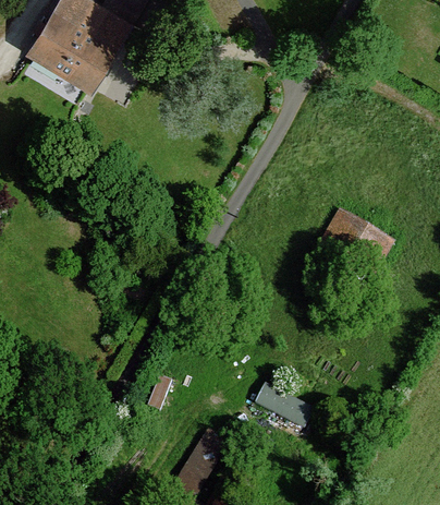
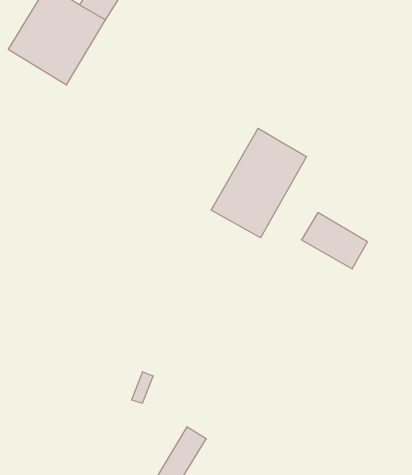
building: none -> [211,128,307,238]
building: [258,385,317,429] -> none

